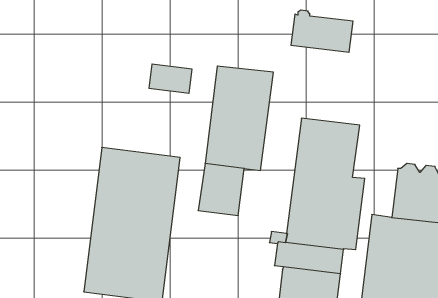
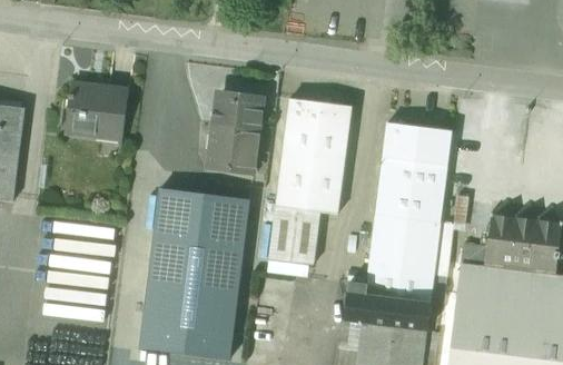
building: [291,10,353,52] -> [383,117,452,164]
building: none -> [65,82,128,136]
building: none -> [208,122,258,171]

